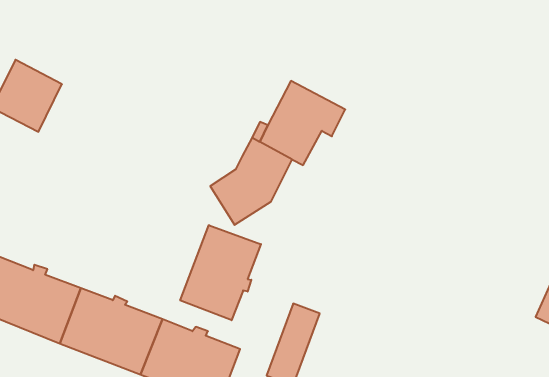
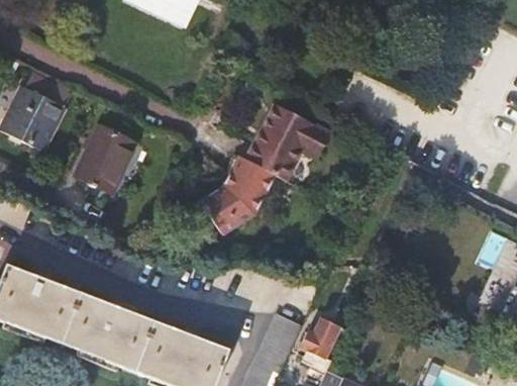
building: none -> [76,126,133,193]
building: [180,225,261,320] -> none
building: none -> [300,317,339,358]

